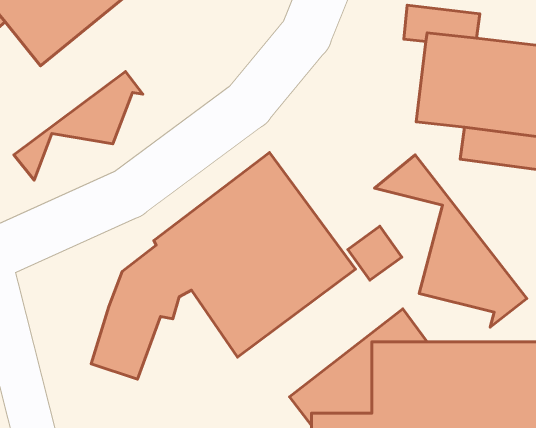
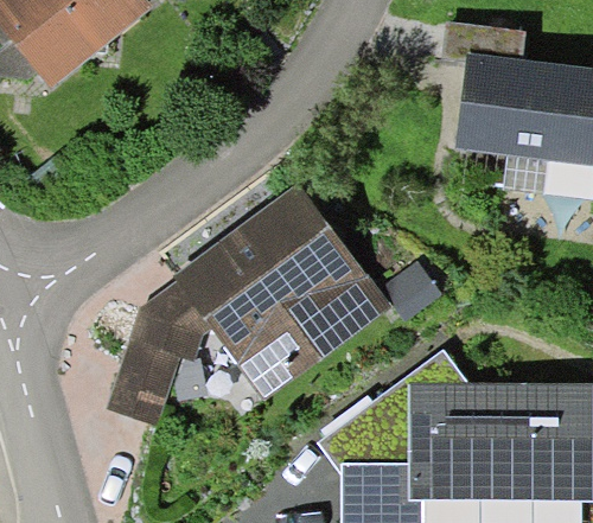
building: [14,71,143,180] -> none
building: [374,155,527,327] -> none

